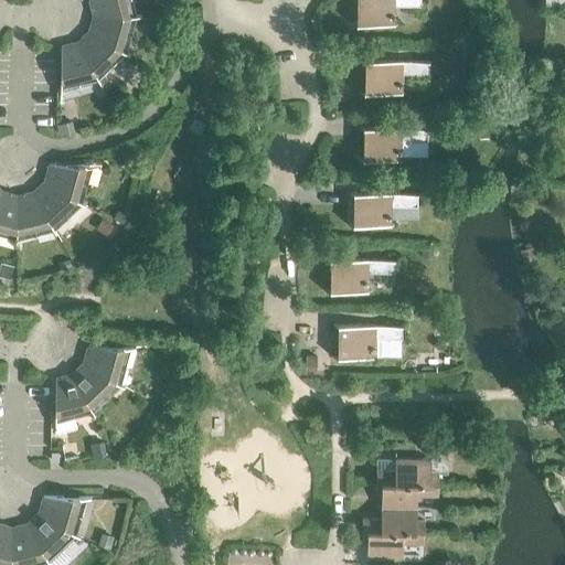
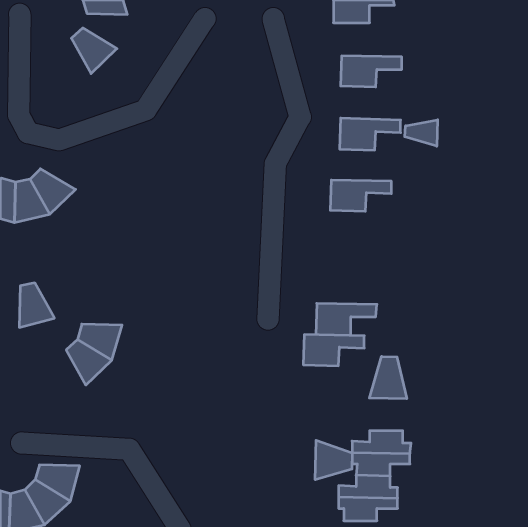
building: [89,17,137,54] -> none
building: [61,43,98,90] -> none
building: none -> [405,120,438,146]
building: [44,167,93,204] -> none
building: [330,260,395,294] -> [303,335,364,366]
building: [55,375,93,423] -> [19,283,54,327]
building: none -> [369,356,407,399]
building: none -> [315,440,352,480]

